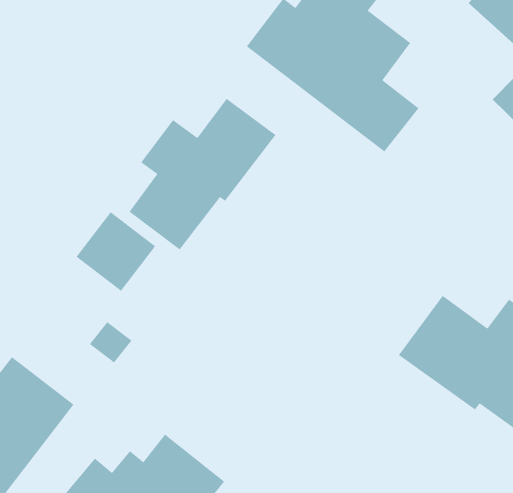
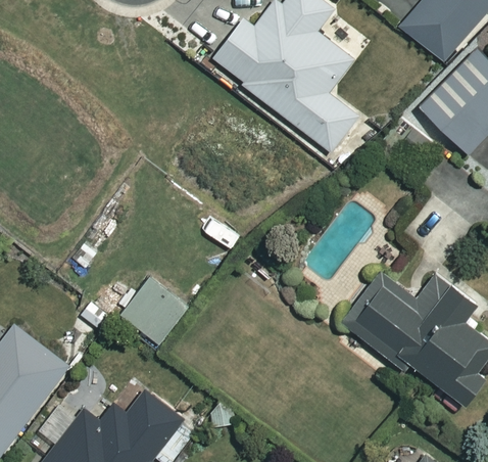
building: [128,98,277,251] -> none
building: [75,211,156,292] -> [120,277,189,345]

